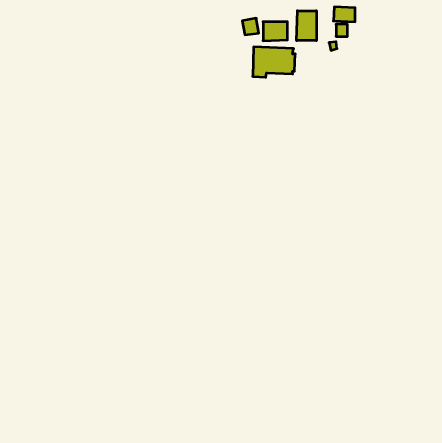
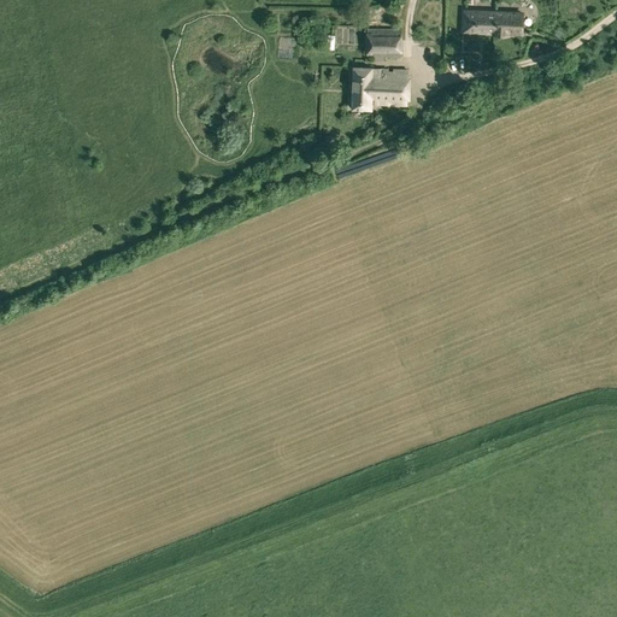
building: none -> [493,11,521,31]
building: [297,11,316,41] -> none

